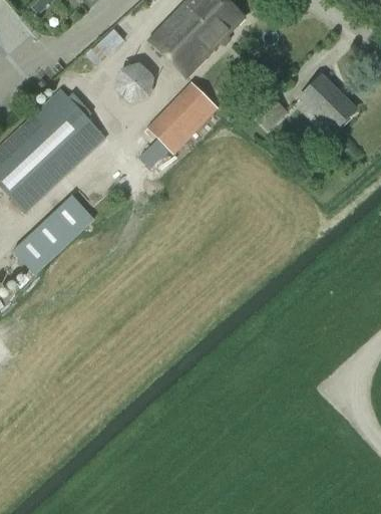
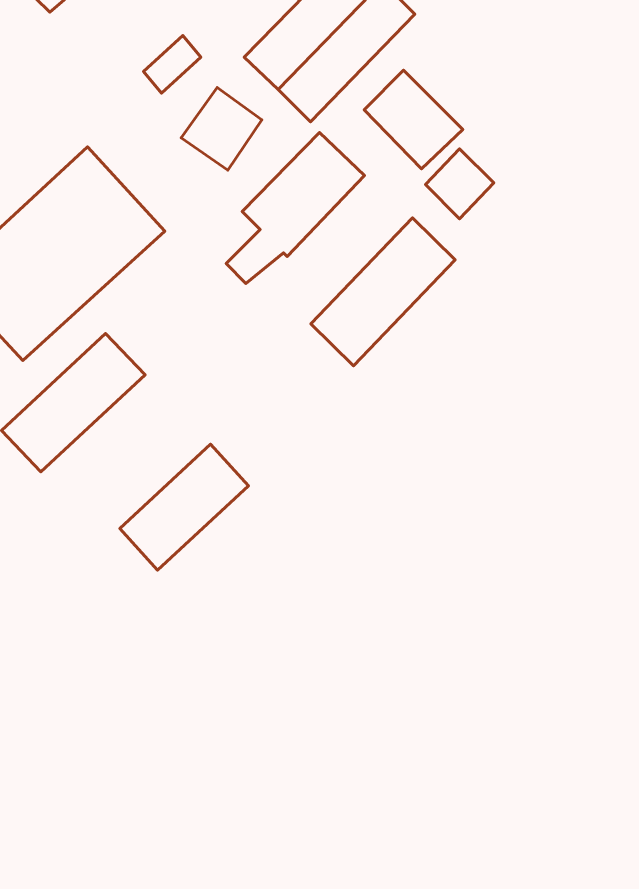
building: [300,73,355,128] -> [364,70,463,169]
building: none -> [311,218,455,366]
building: none -> [120,444,248,570]

